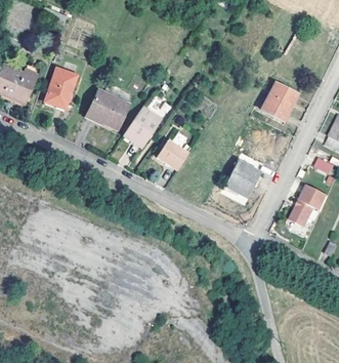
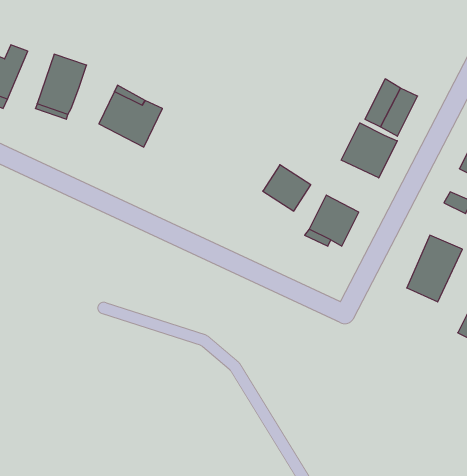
building: [123,107,161,147] -> none
building: none -> [341,123,397,178]
building: [157,137,188,168] -> [263,165,311,211]

